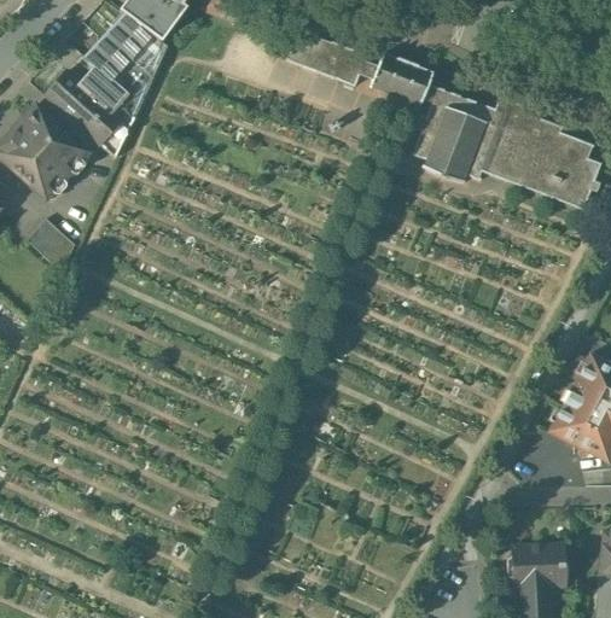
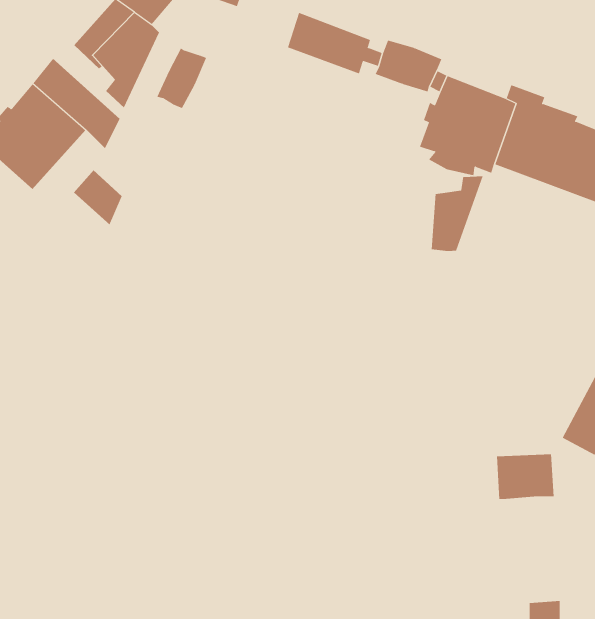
building: none -> [156,47,207,109]
building: none -> [431,176,484,252]
building: [27,217,74,270] -> [73,170,123,225]
building: [510,544,565,588] -> [496,454,555,500]

